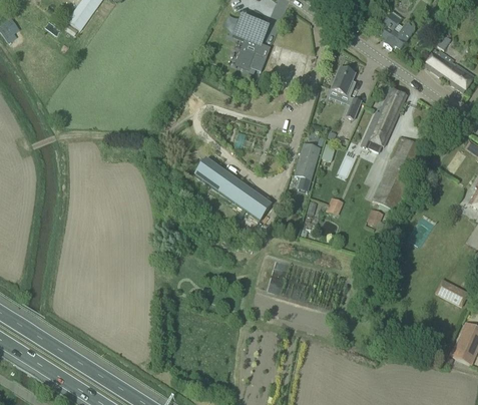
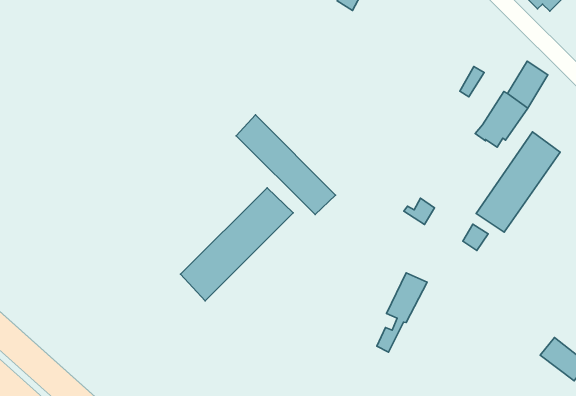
building: [331,66,355,96] -> none
building: [293,141,321,199] -> [377,273,427,352]
building: none -> [180,188,293,301]

